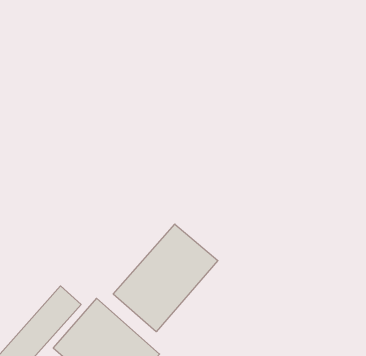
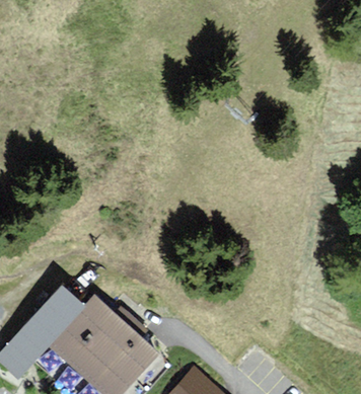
building: [113,224,218,332] -> none

